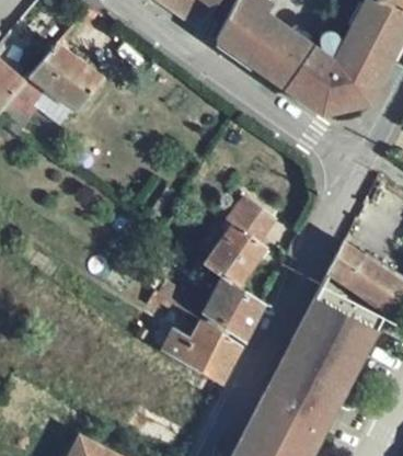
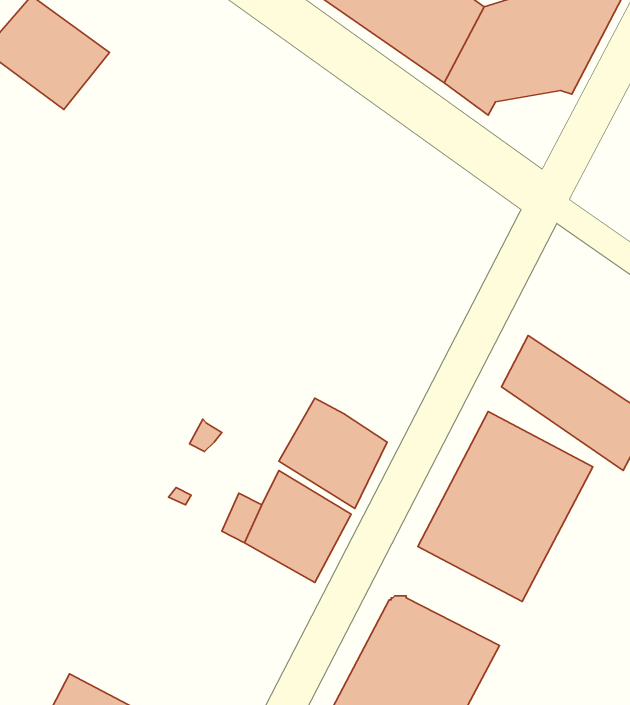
building: [204,202,276,287] -> none
building: [264,364,341,421] -> none

